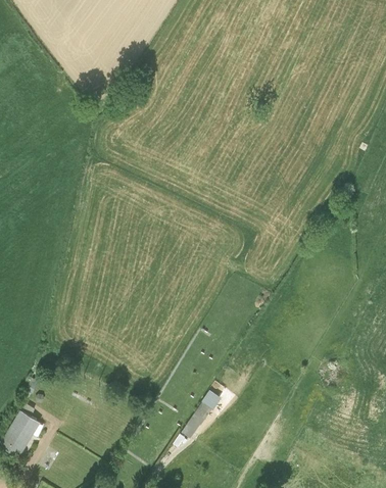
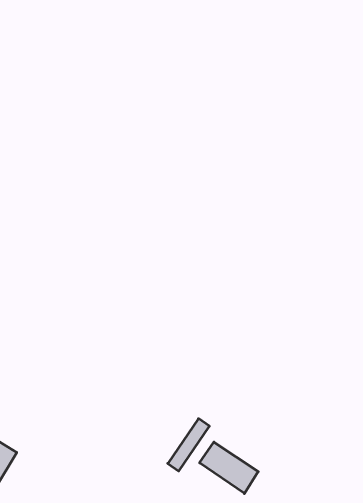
building: none -> [200,442,258,494]

